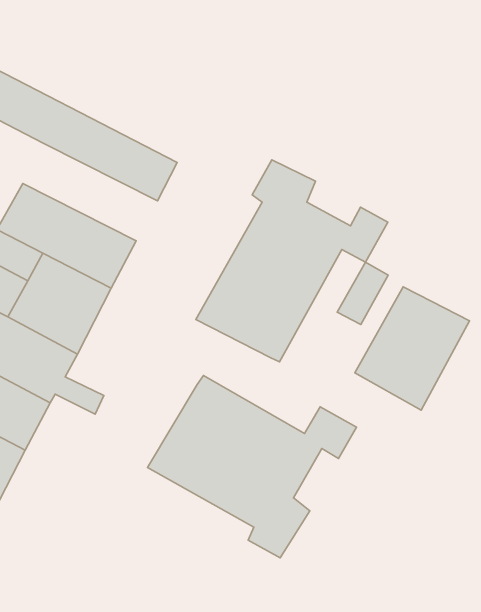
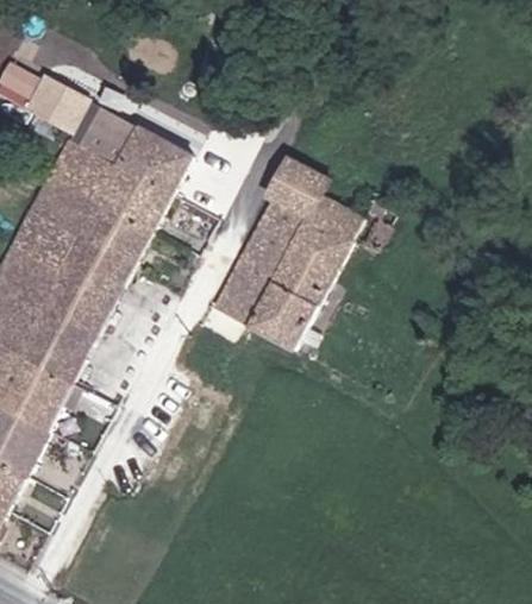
building: none -> [46,138,175,231]
building: [337,262,388,325] -> none
building: [355,287,470,410] -> none
building: [147,376,356,558] -> none

